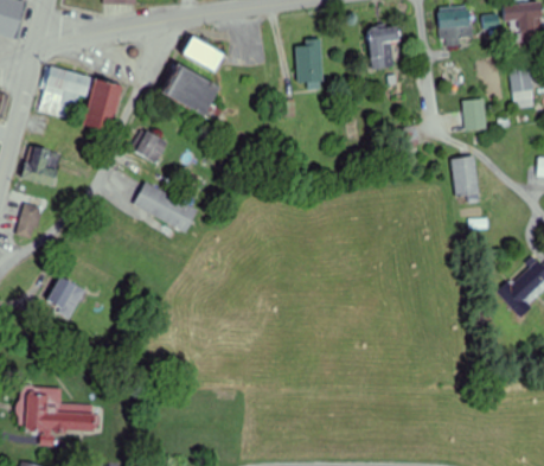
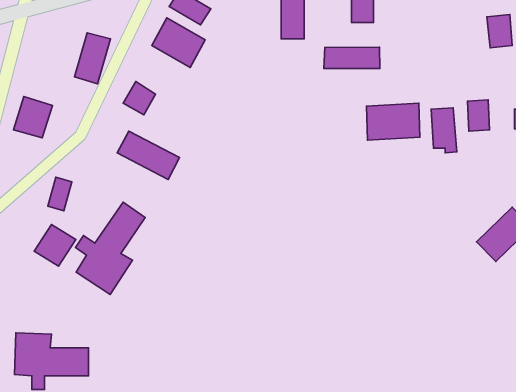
building: [38,65,94,121] -> none
building: none -> [324,47,380,68]
building: [462,98,485,130] -> [468,100,489,131]
building: none -> [367,103,420,140]
building: [17,205,41,240] -> [48,177,72,211]
building: none -> [75,202,145,294]

